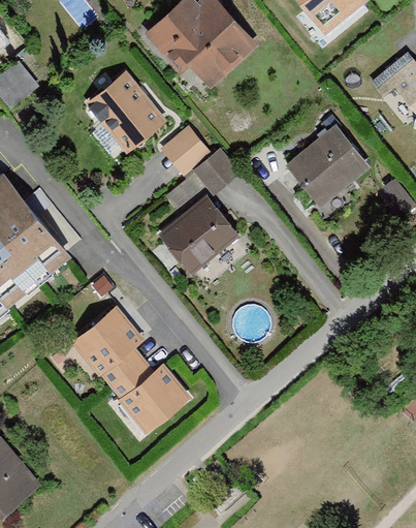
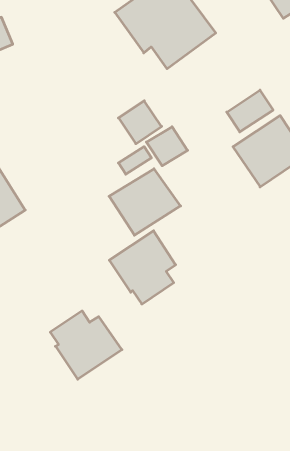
building: [86,72,165,154] -> none
building: none -> [227,90,273,132]
building: [72,307,145,387] -> [109,231,176,304]

